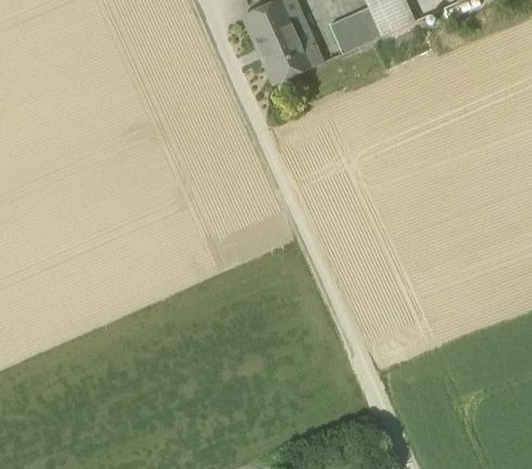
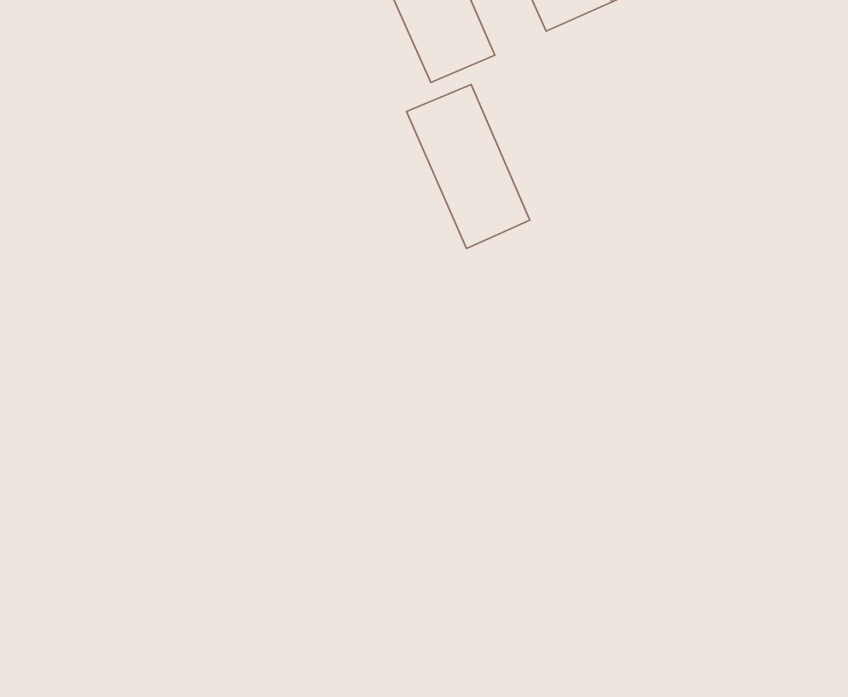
building: none -> [406,84,530,249]

